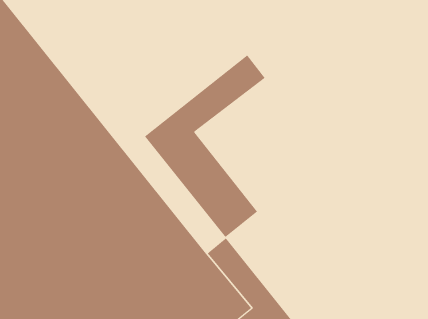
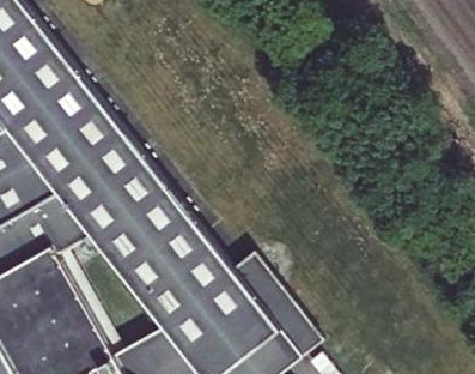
building: [144,54,265,238] -> none

